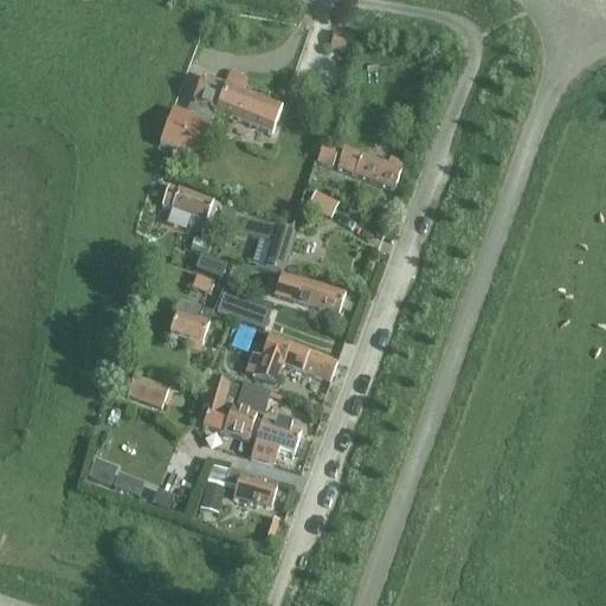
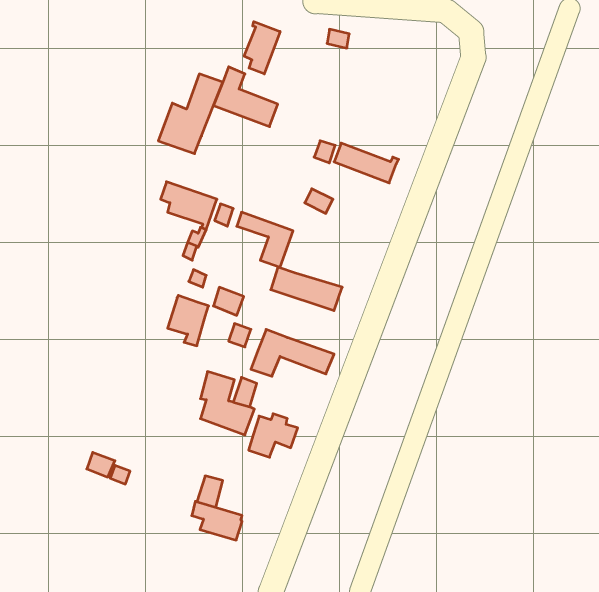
building: none -> [244,22,280,74]
building: [125,372,169,405] -> none
building: [225,466,276,505] -> [192,501,242,540]

